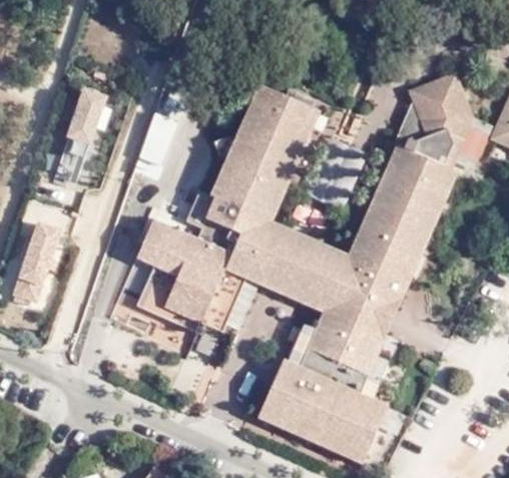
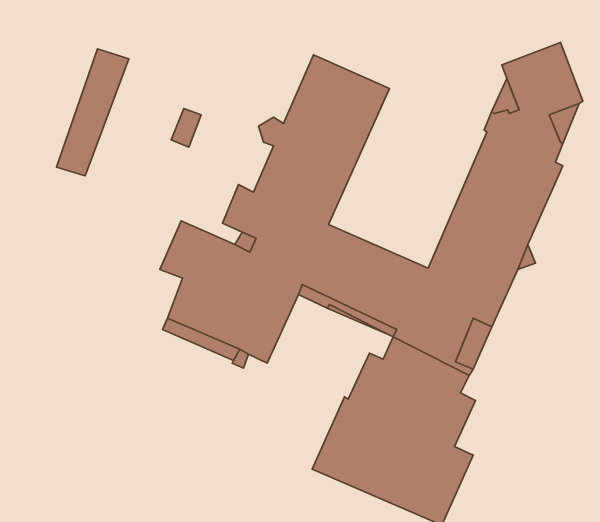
building: [10,214,63,301] -> none

